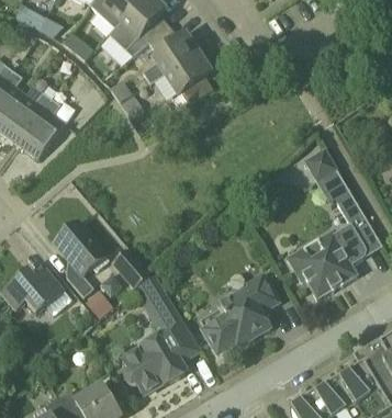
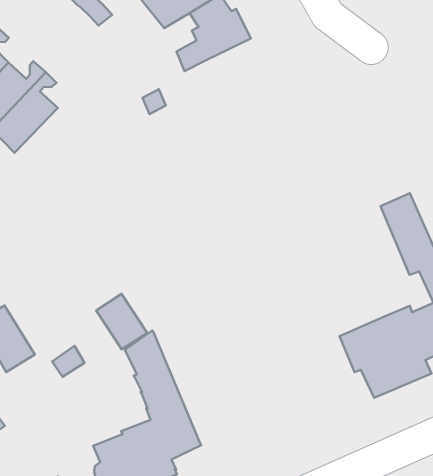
building: [166,54,213,102] -> none
building: [55,221,109,296] -> none
building: [201,273,279,357] -> none

